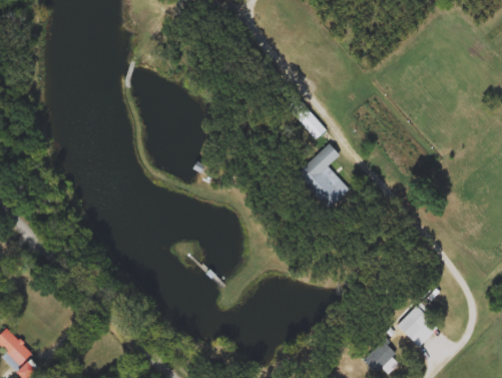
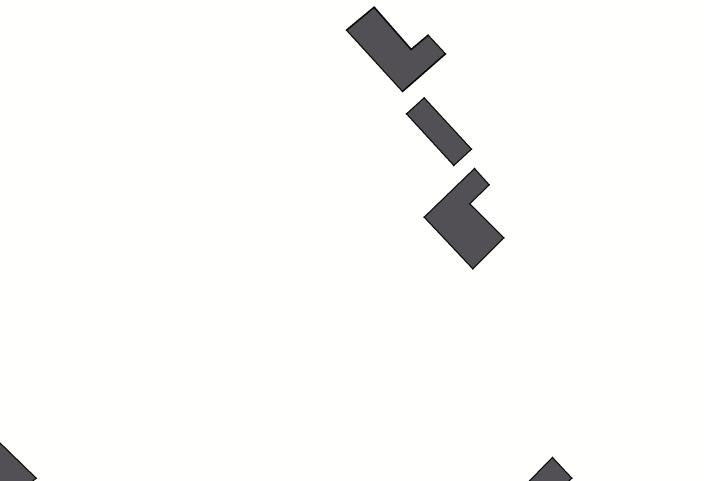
building: none -> [347,7,446,92]
building: [397,305,430,339] -> none

